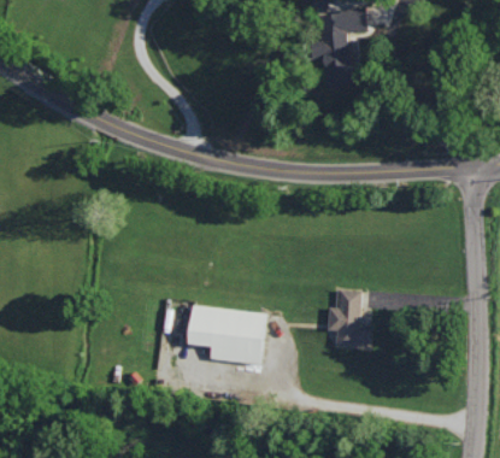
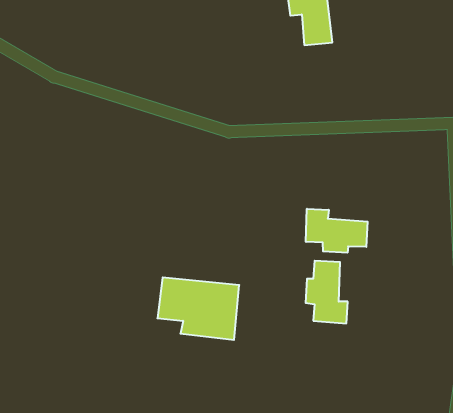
building: none -> [306,209,368,253]

